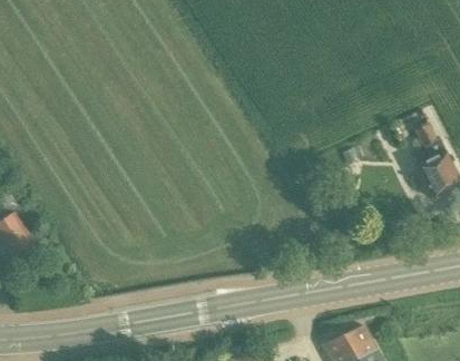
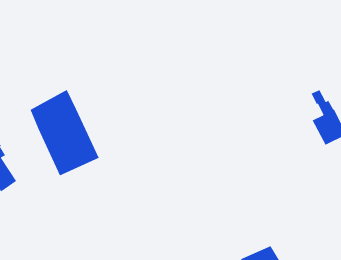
building: none -> [30,89,100,177]

